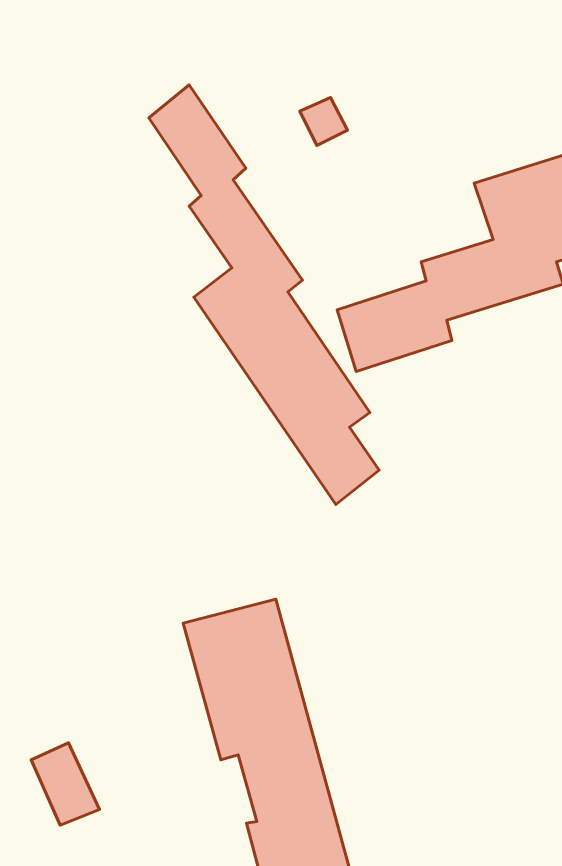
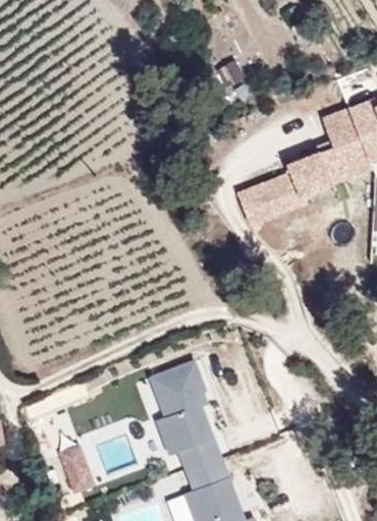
building: [149,85,379,504] -> none

